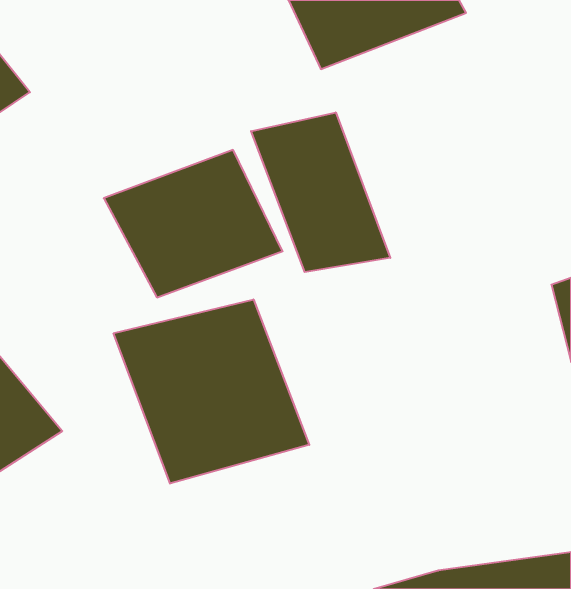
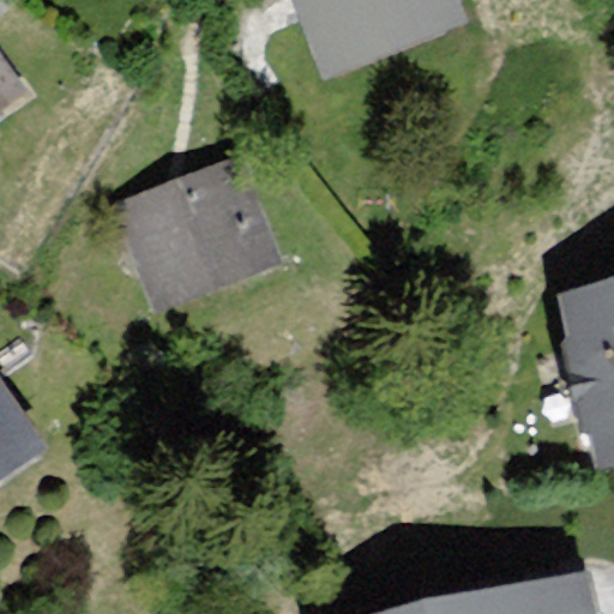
building: [251,112,390,272] -> none
building: [114,299,309,484] -> none

